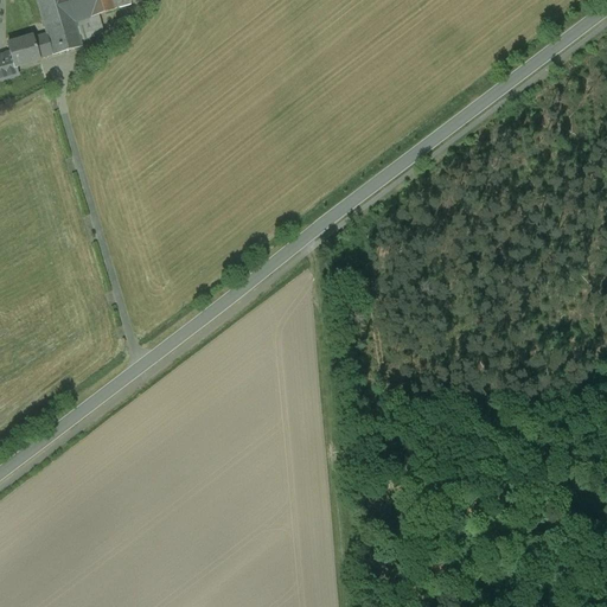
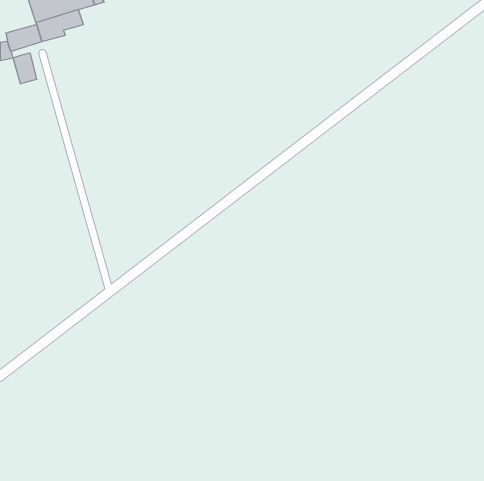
building: none -> [13,53,37,84]

